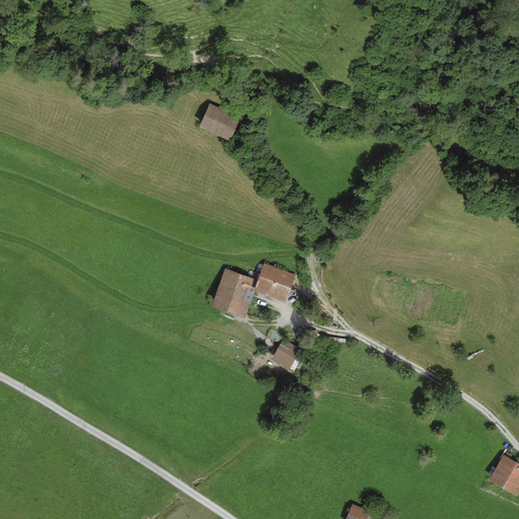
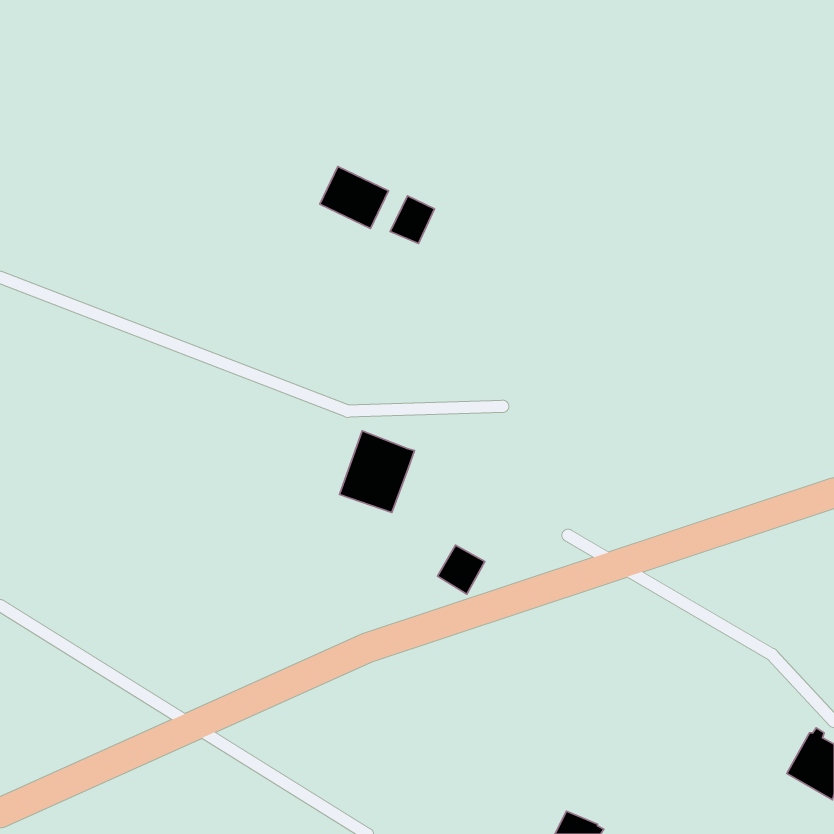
building: none -> [390,196,435,244]
building: [253,263,296,303] -> none

